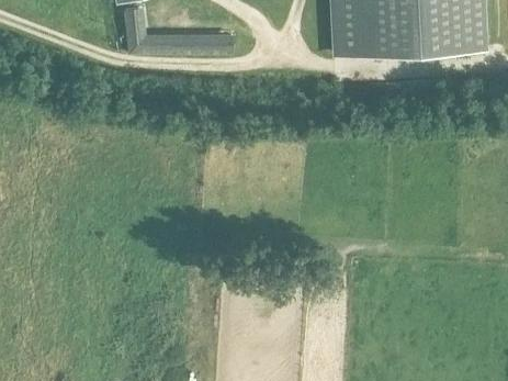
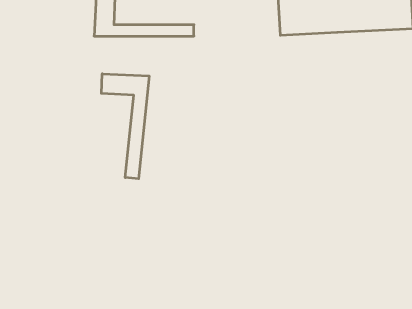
building: none -> [101,74,149,179]

